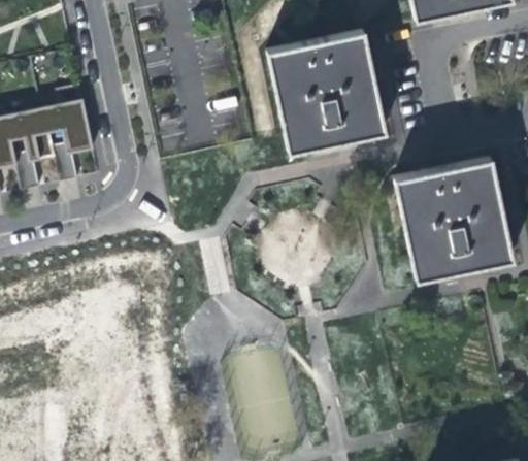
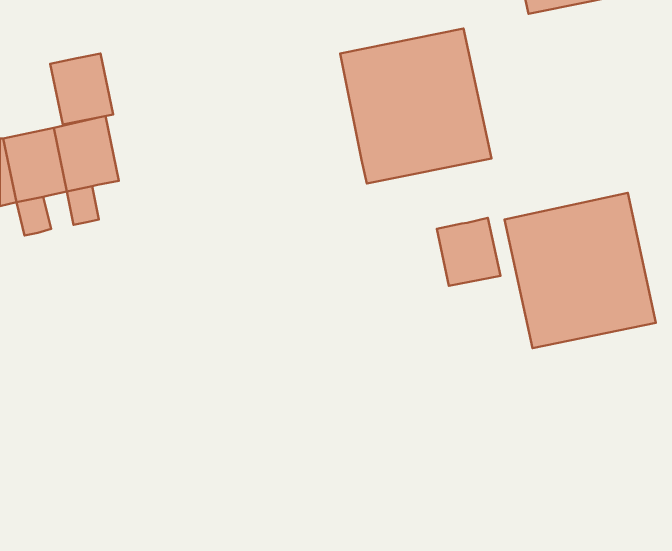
building: none -> [50,53,113,125]
building: none -> [437,218,500,286]

